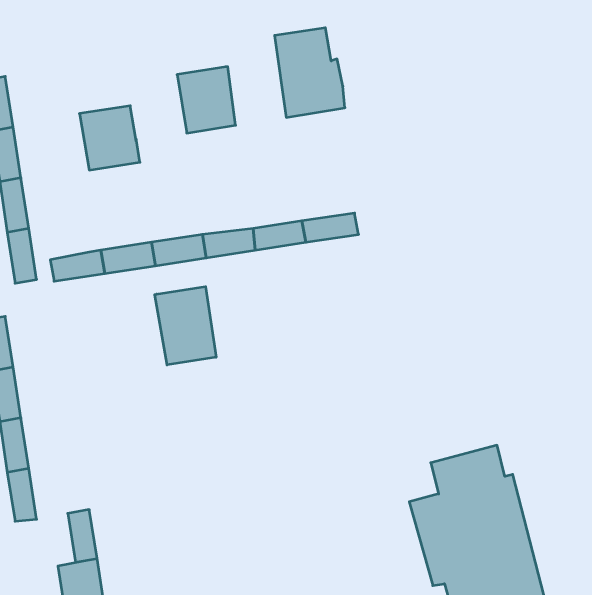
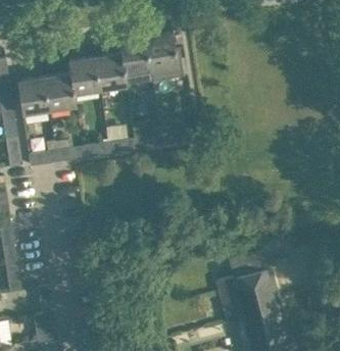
building: none -> [118,38,152,85]
building: none -> [68,58,100,93]
building: none -> [17,79,49,112]
building: [155,287,216,365] -> none

